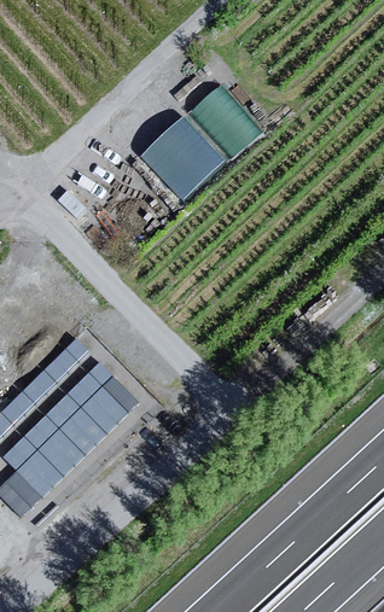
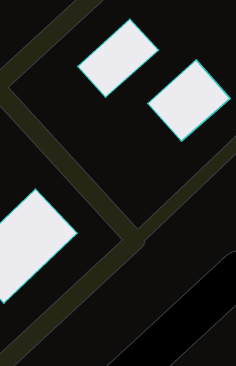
building: none -> [148,60,230,141]

